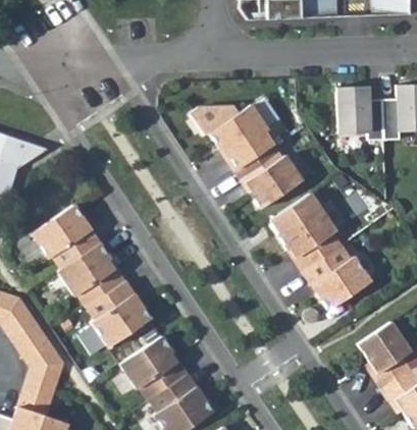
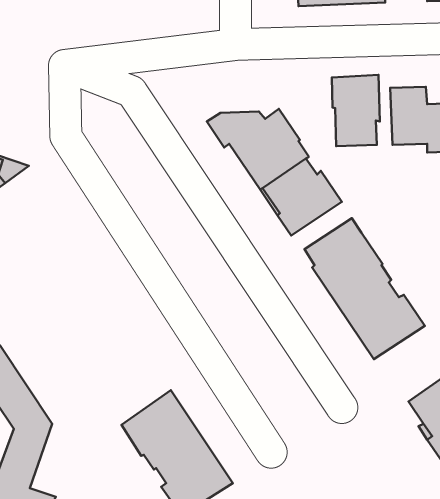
building: none -> [332,75,380,146]
building: [33,205,151,346] -> none

